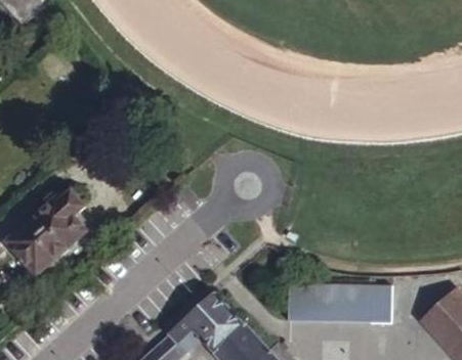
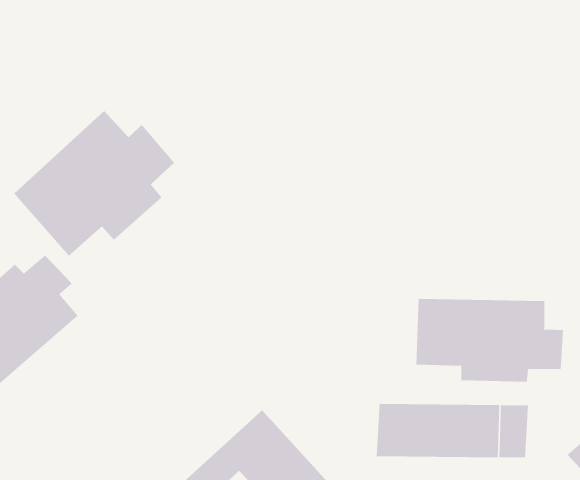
building: none -> [13,110,175,256]
building: none -> [416,298,564,383]

